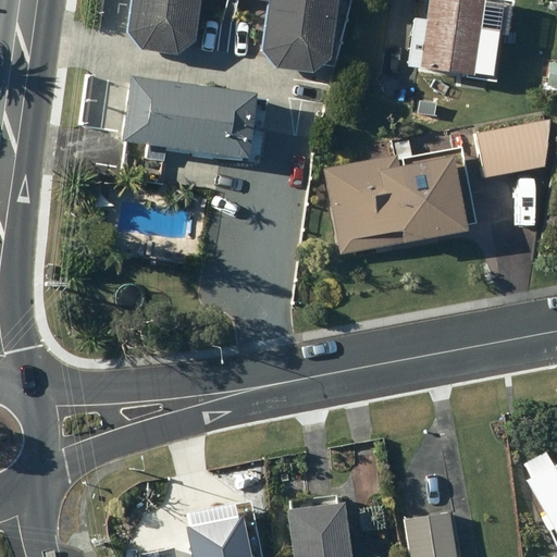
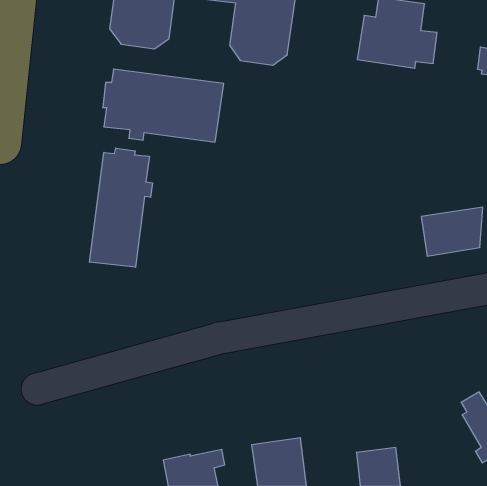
building: [481,120,550,175] -> [421,207,483,256]
building: [327,153,469,250] -> none
building: none -> [90,148,152,267]

